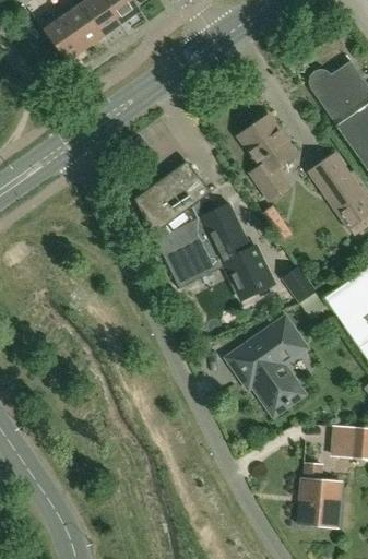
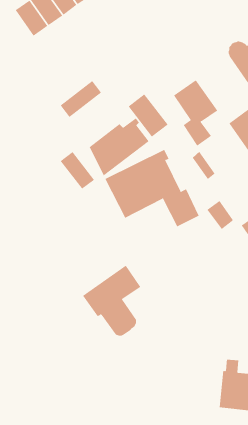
building: none -> [60,80,102,118]
building: none -> [128,94,169,138]
building: none -> [60,151,95,190]
building: [230,320,304,408] -> [82,265,141,336]

